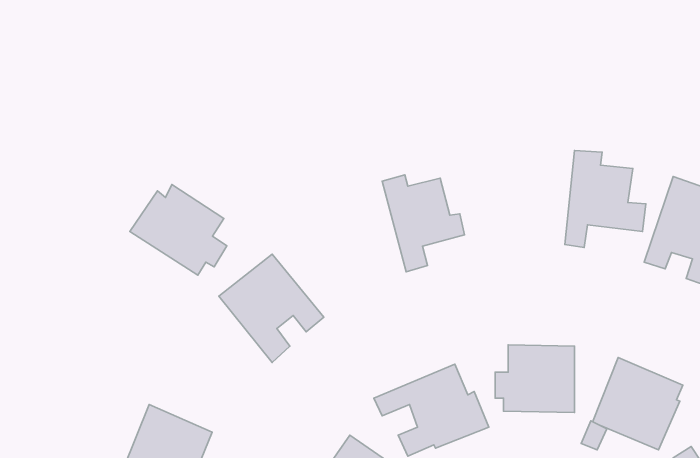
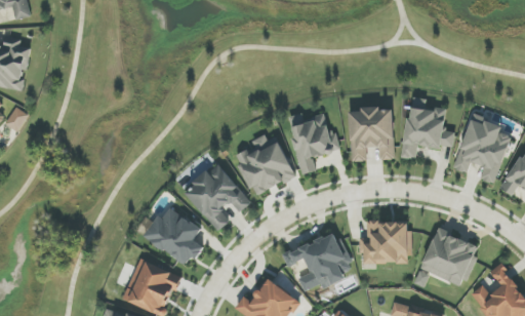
building: none -> [349,107,394,160]
building: [130,184,227,275] -> [143,206,204,264]
building: none -> [236,134,294,195]

